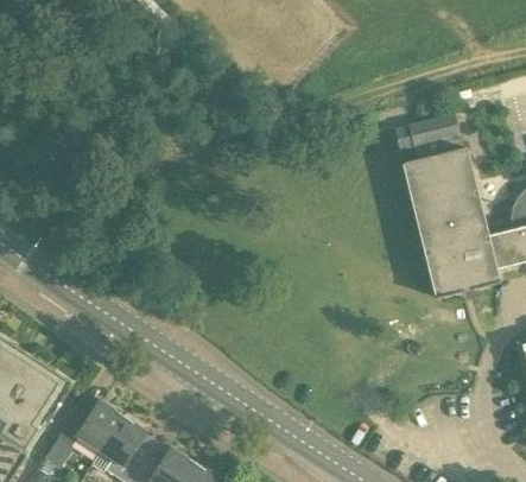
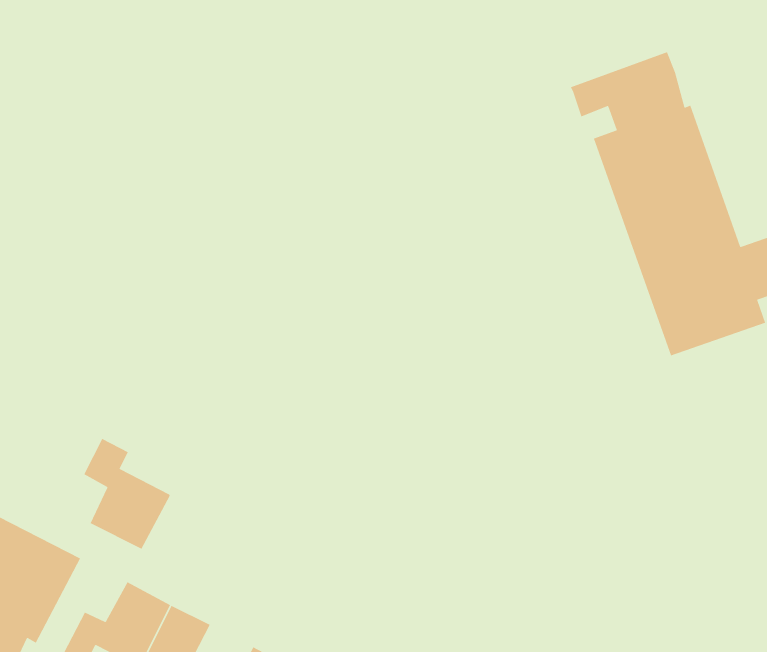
building: none -> [83,438,171,550]

